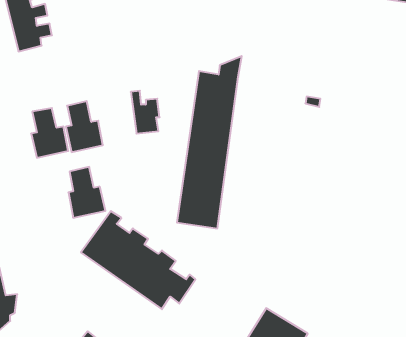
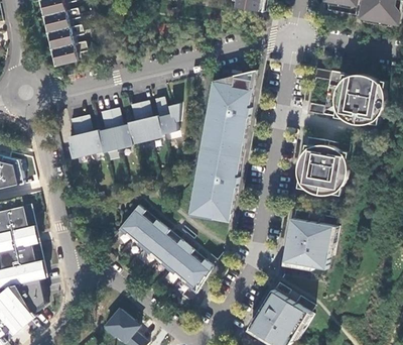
building: none -> [333,72,385,122]
building: none -> [296,135,348,193]
building: [68,167,105,218] -> [128,101,160,145]
building: none -> [284,218,334,268]

